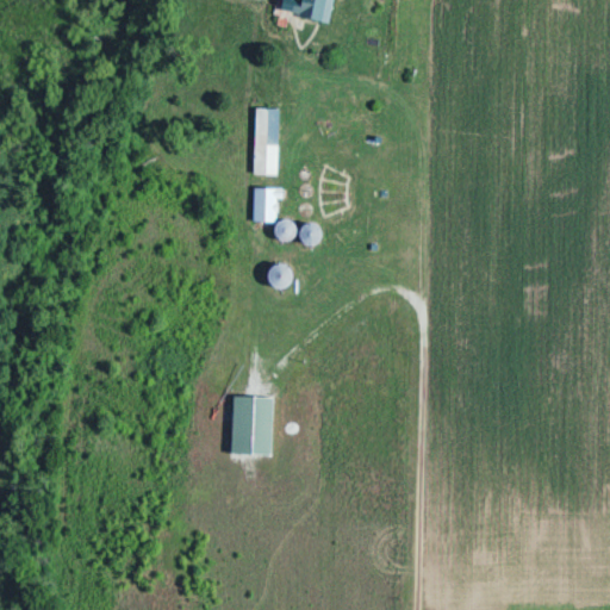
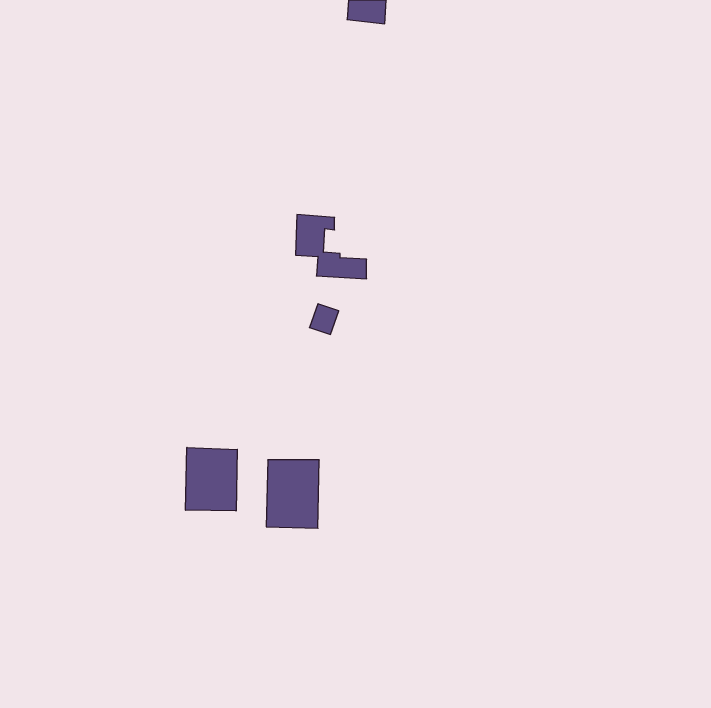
building: [254,108,281,175] -> none
building: none -> [186,447,237,511]

